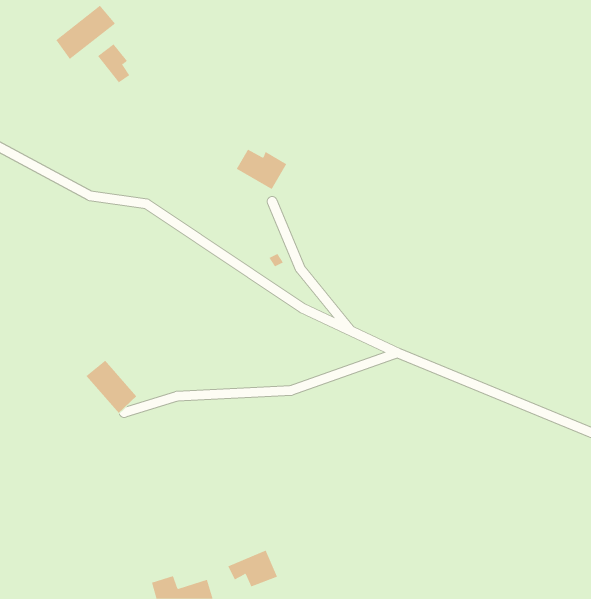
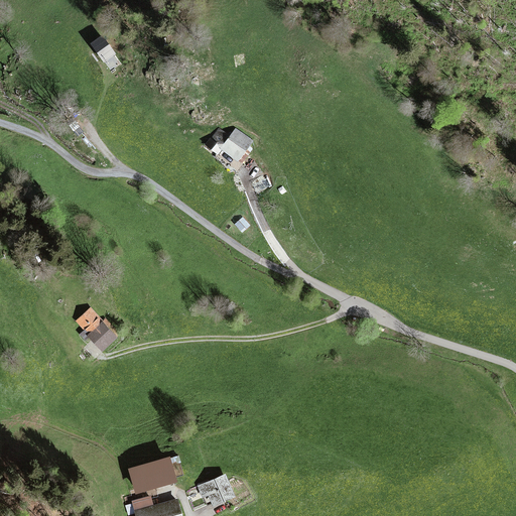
building: [55,5,116,60] -> none
building: none -> [130,454,183,493]

